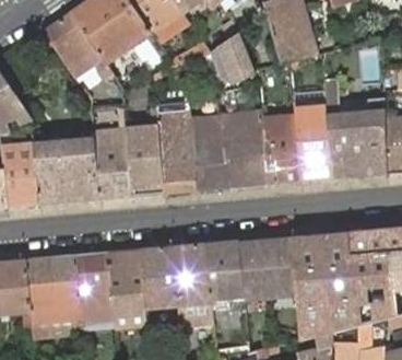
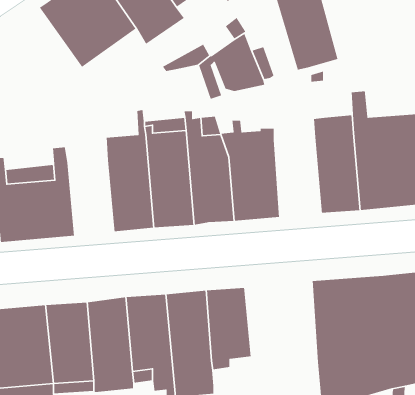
building: [43,12,113,79] -> none
building: [262,118,300,184] -> none
building: [94,137,131,199] -> none
building: [238,235,297,302] -> none

